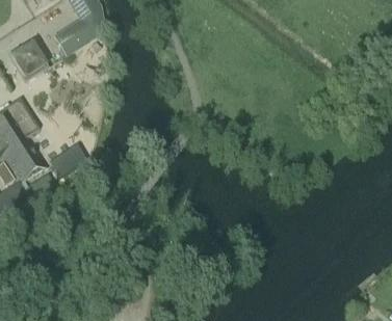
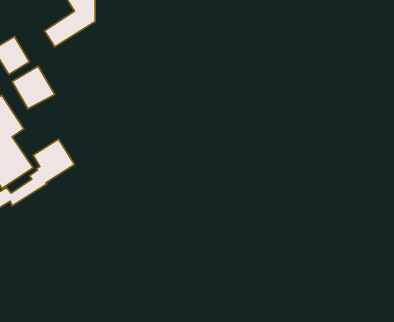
building: none -> [12,66,55,109]

